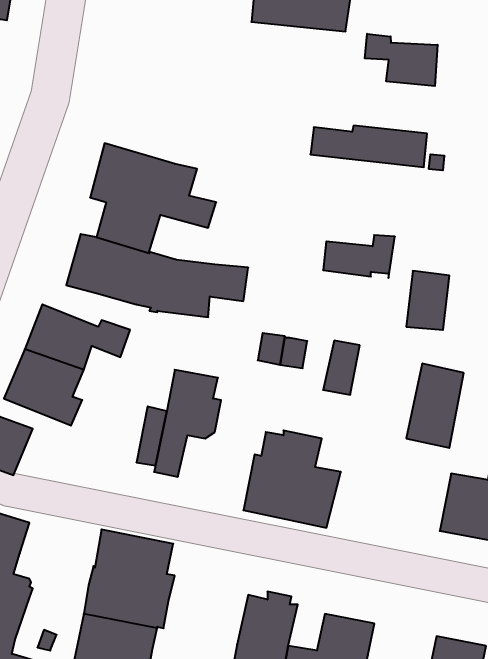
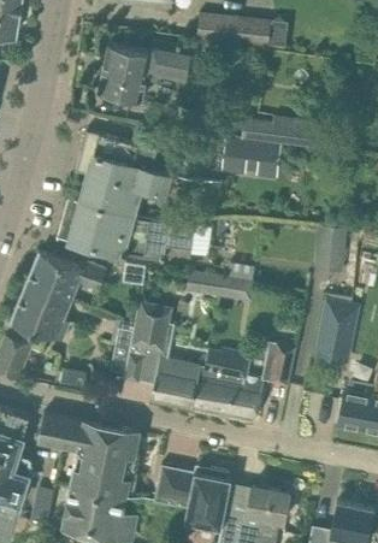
building: none -> [99,42,193,102]
building: [365,34,438,86] -> none
building: [323,235,395,278] -> [223,144,277,177]
building: [323,341,360,395] -> [268,344,296,385]
building: none -> [152,359,200,408]
building: none -> [40,414,84,451]
building: none -> [154,466,195,509]

